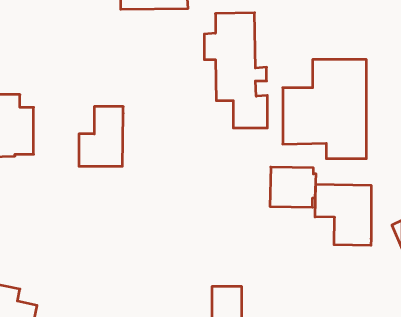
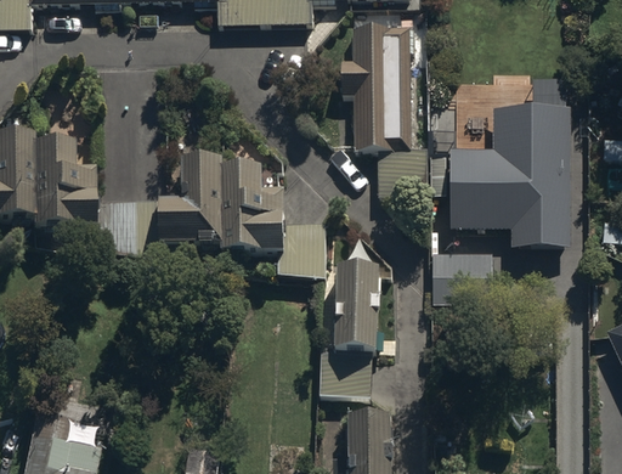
building: none -> [221,171,324,278]
building: none -> [320,270,379,395]
building: [315,184,371,245] -> none

